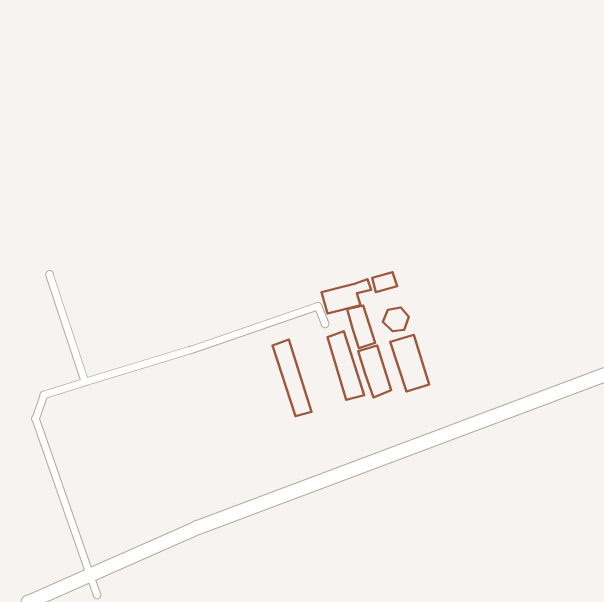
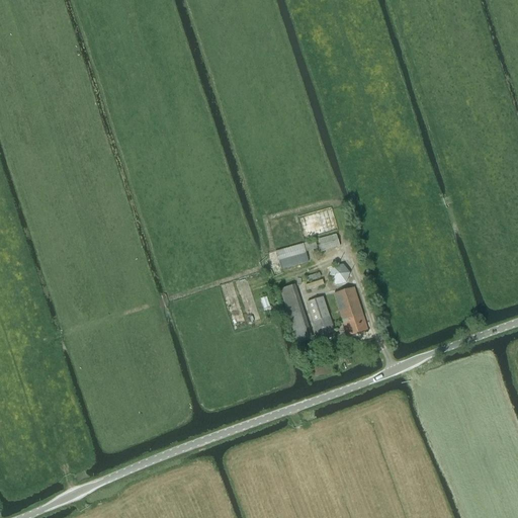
building: [347,306,375,348] -> none
building: [273,339,311,416] -> none

